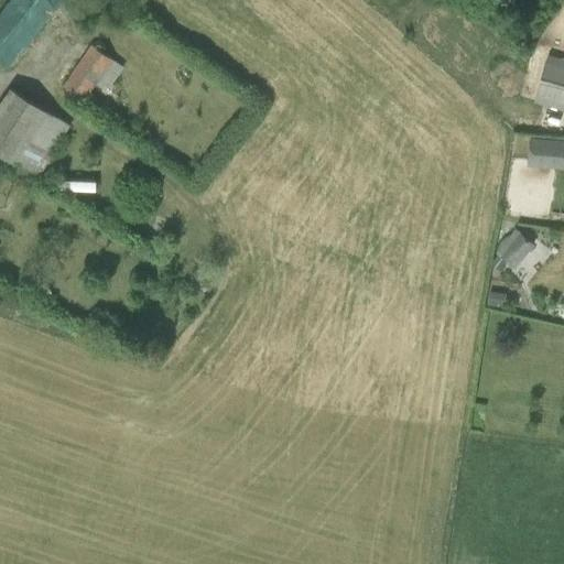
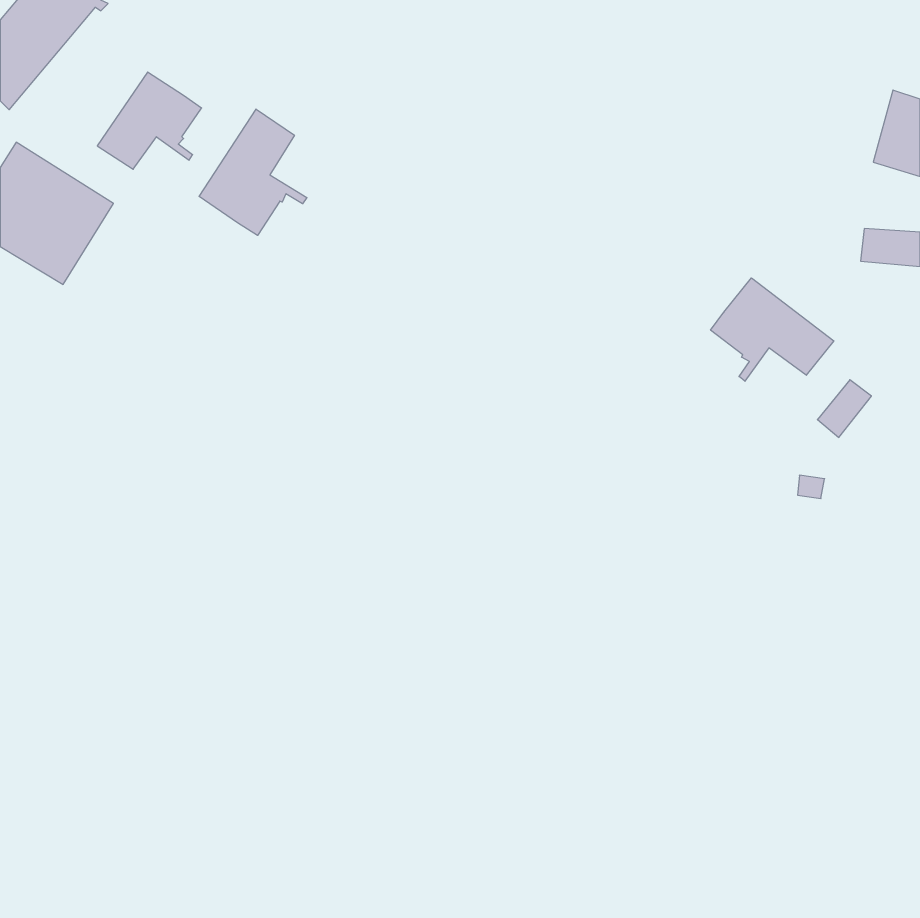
building: none -> [199,109,307,235]
building: none -> [711,278,834,381]

